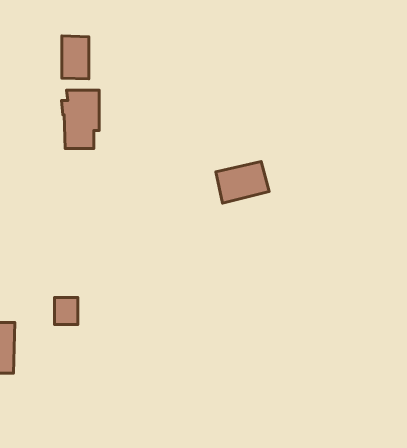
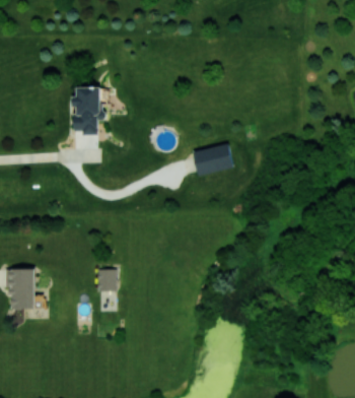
building: [62,36,89,79] -> none
building: [55,297,78,325] -> [97,269,116,290]

